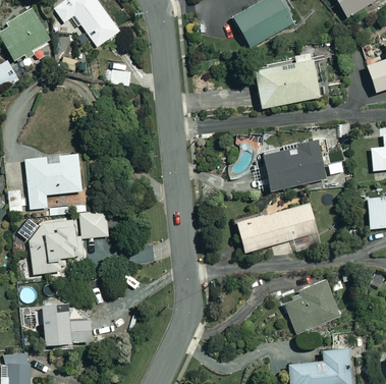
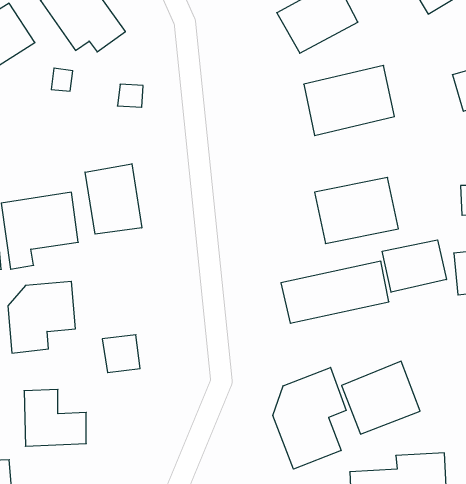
building: none -> [85,164,142,234]
building: none -> [382,240,446,292]
building: [80,210,109,238] -> [102,335,140,373]
building: none -> [273,367,346,469]

